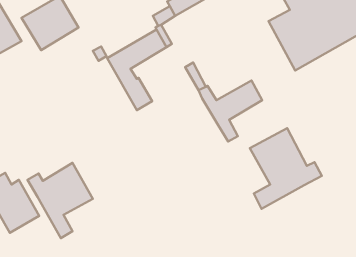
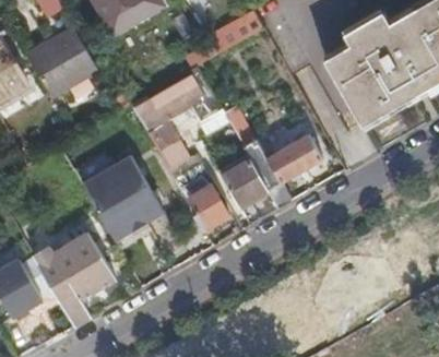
building: none -> [221,156,269,206]
building: none -> [83,157,164,240]
building: none -> [186,176,229,230]
building: [250,128,322,209] -> none

